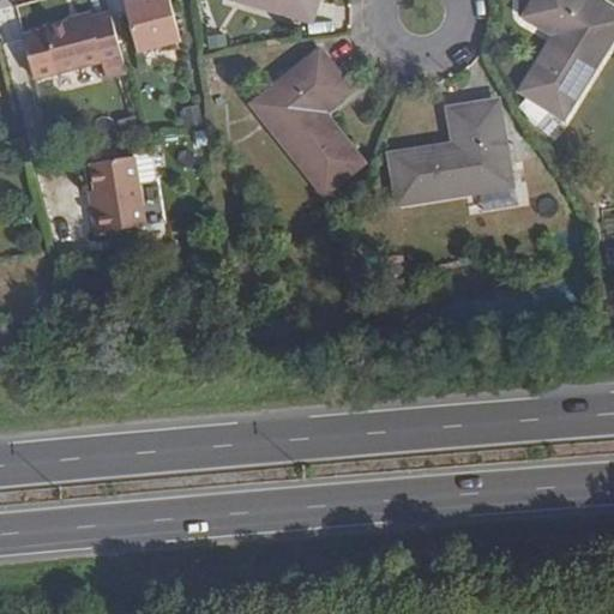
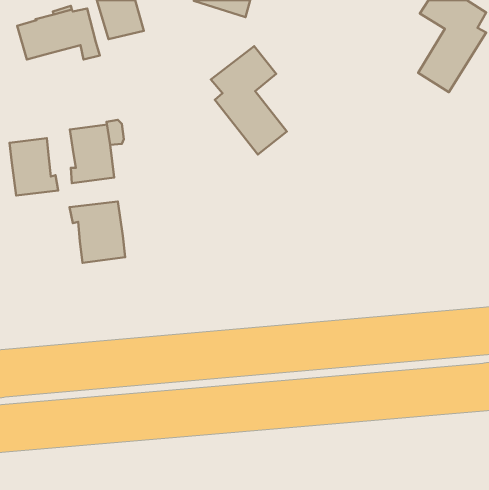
building: [392,107,508,204] -> none
building: none -> [9,138,58,195]
building: none -> [70,201,125,263]

